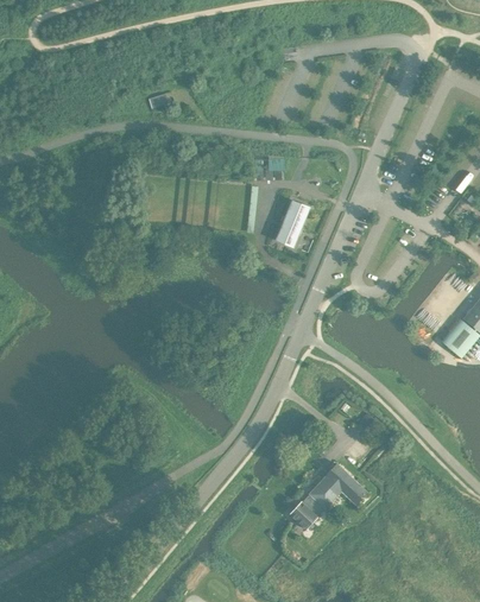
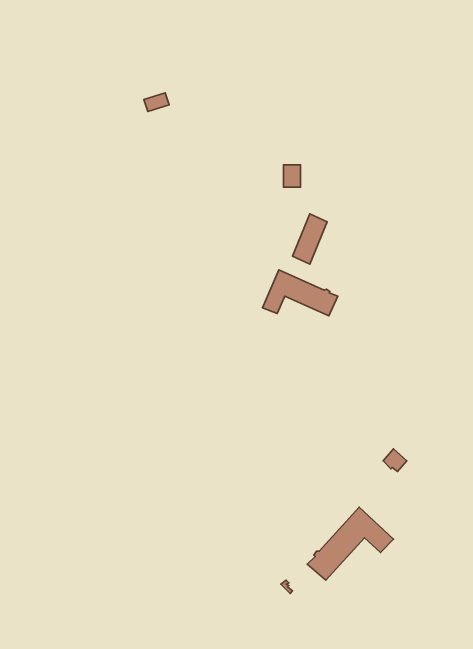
building: none -> [263,270,338,316]

